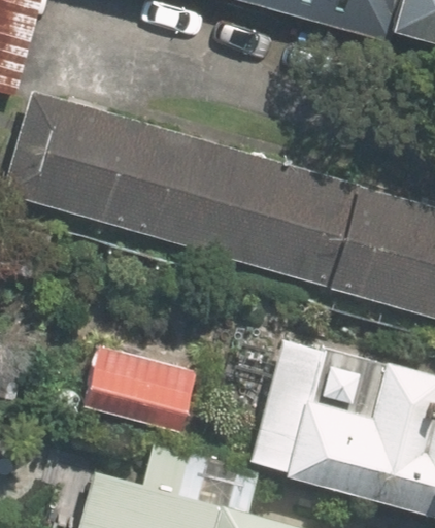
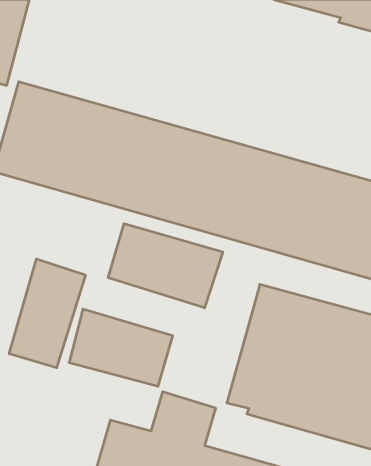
building: none -> [108,224,223,308]
building: none -> [9,259,85,368]

